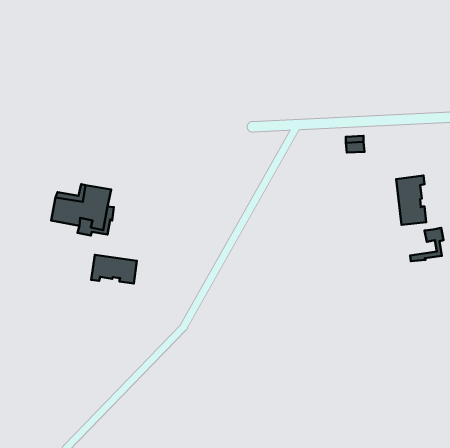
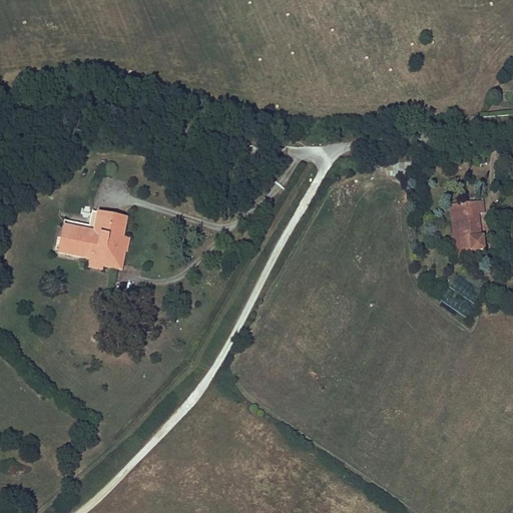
building: [410,228,444,261] -> none
building: [91,255,137,283] -> none

